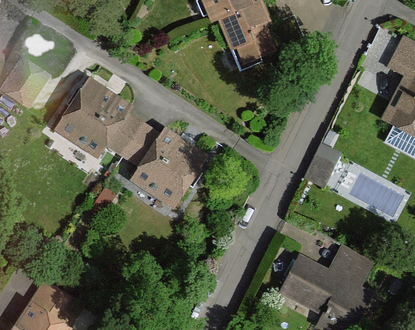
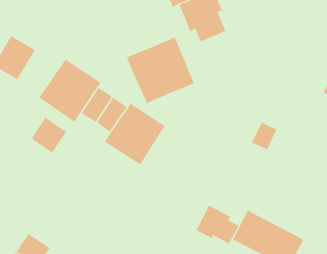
building: none -> [126,37,194,104]
building: none -> [31,117,67,153]
building: [325,245,370,287] -> none
building: none -> [195,205,239,244]

